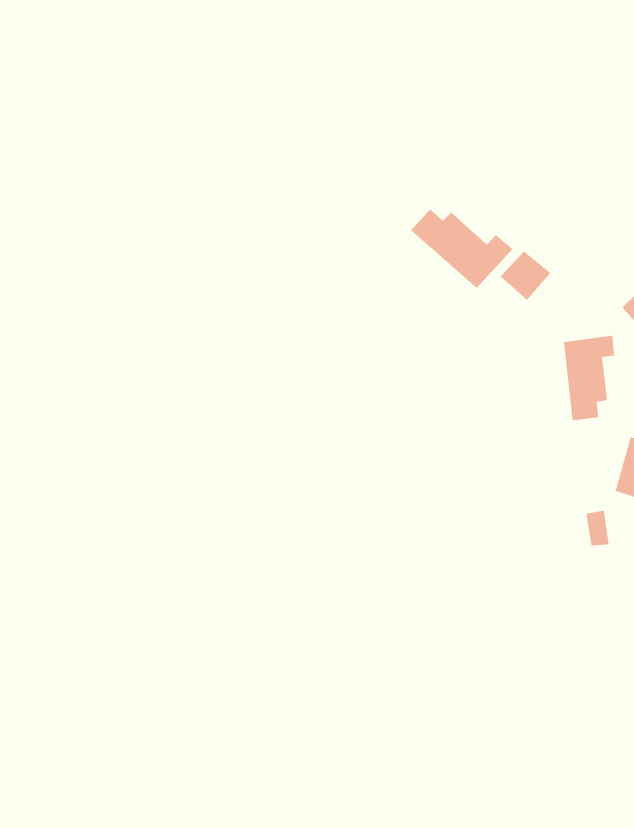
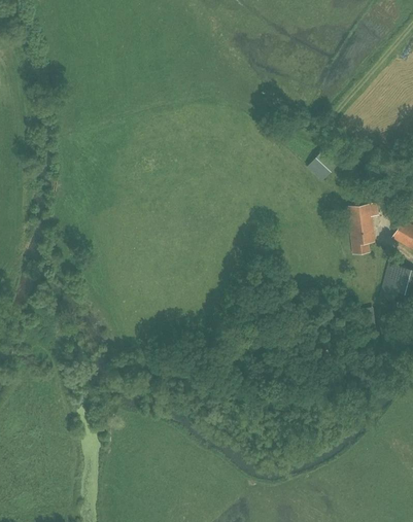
building: [410,208,514,289] -> none

